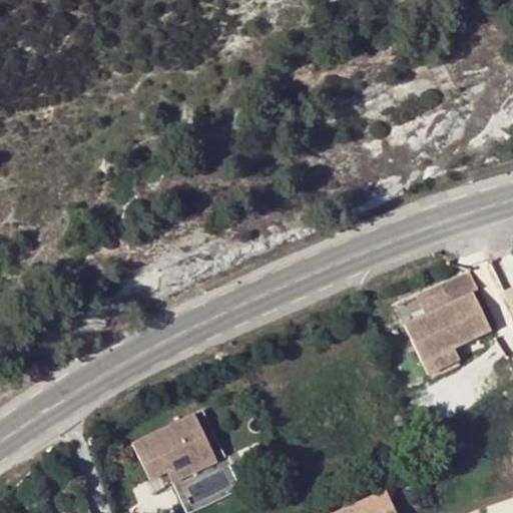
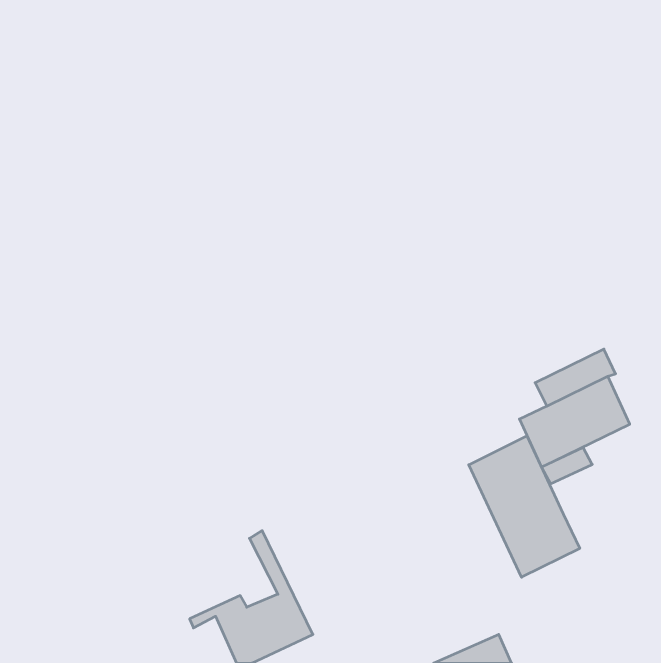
building: none -> [469,436,580,577]
building: [131,416,216,478] -> none

